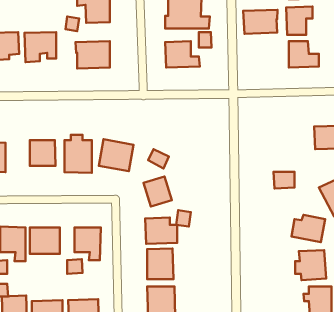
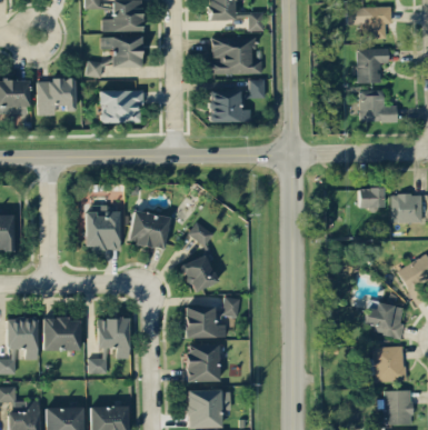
building: [243,10,278,34] -> none
building: [30,140,56,166] -> none
building: [273,172,294,188] -> [358,188,384,208]

